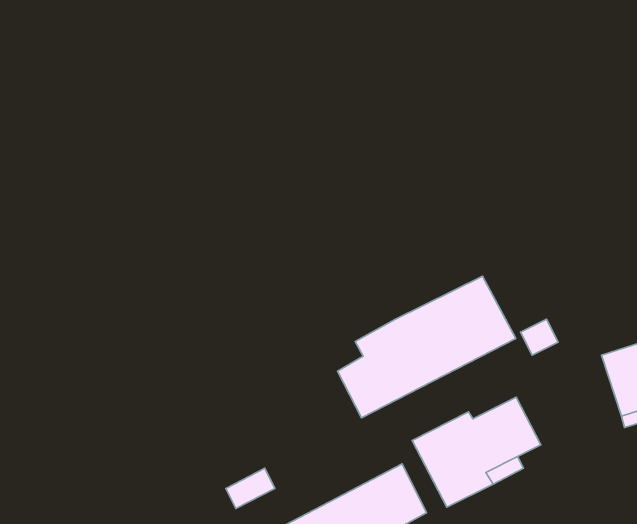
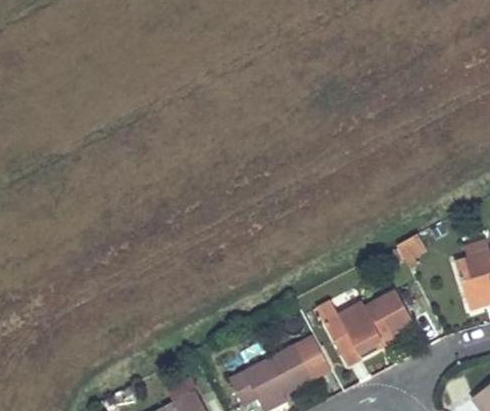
building: [337,276,516,418] -> none

